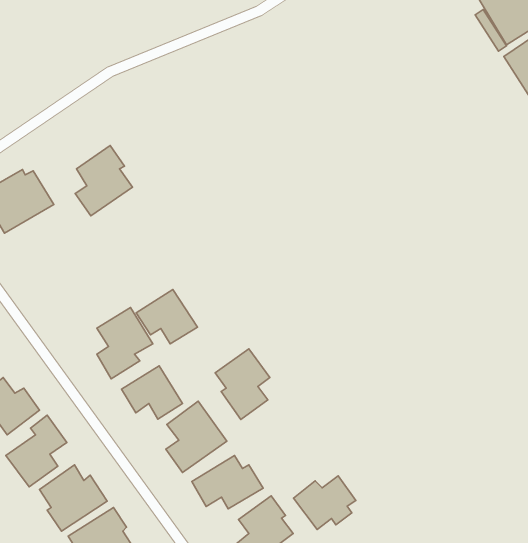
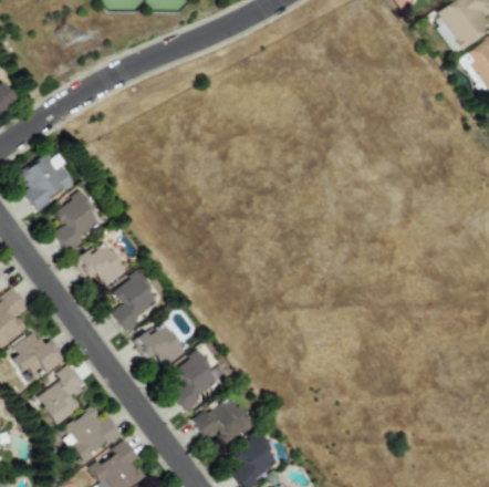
building: [75,146,132,216] -> [53,191,102,251]
building: [136,289,197,344] -> [75,240,127,287]
building: [215,349,270,419] -> none
building: [294,476,356,530] -> none

